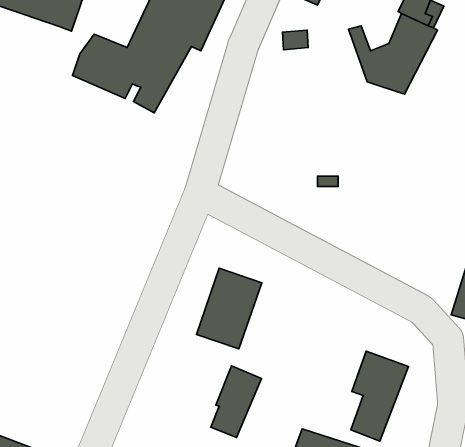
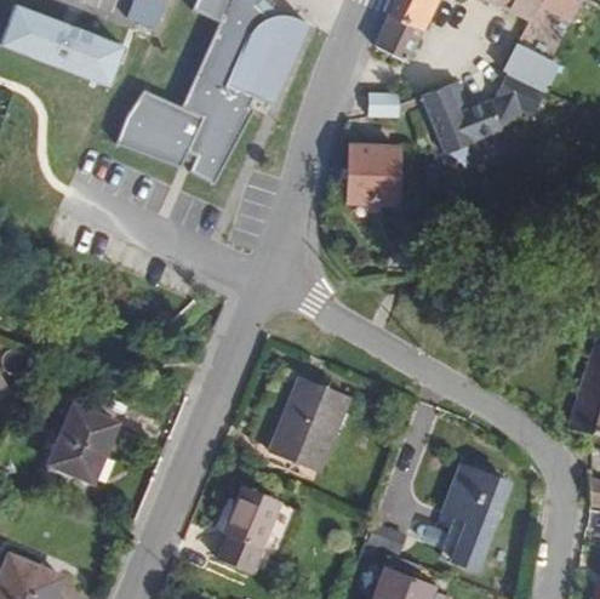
building: none -> [415,87,465,159]
building: none -> [344,144,398,201]
building: none -> [56,411,127,492]
building: [211,366,261,437] -> [213,485,273,569]

